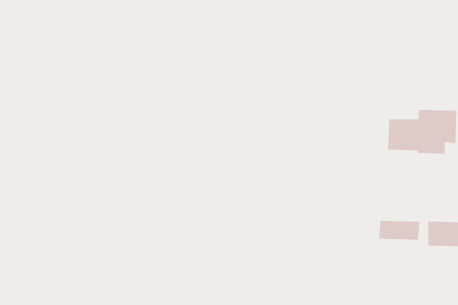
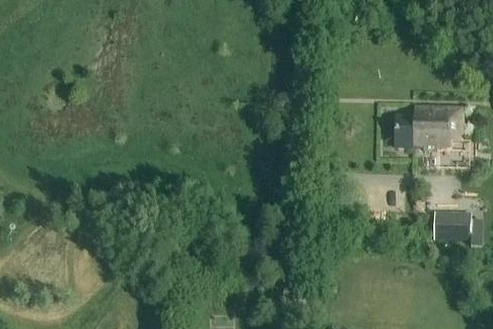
building: [378,220,420,240] -> none

